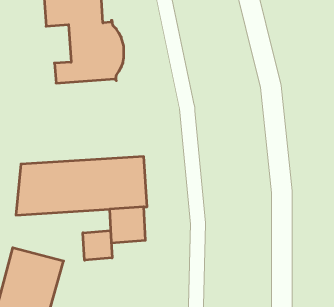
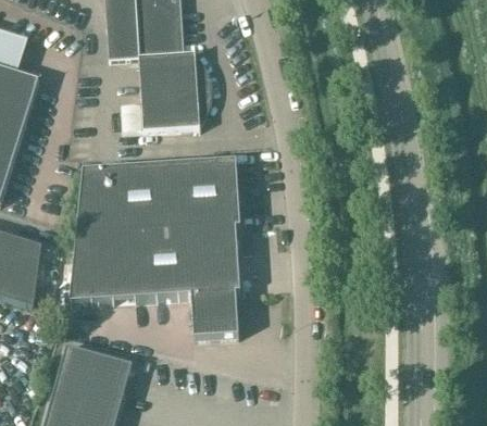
building: none -> [75,159,239,235]
building: [83,230,112,260] -> none

